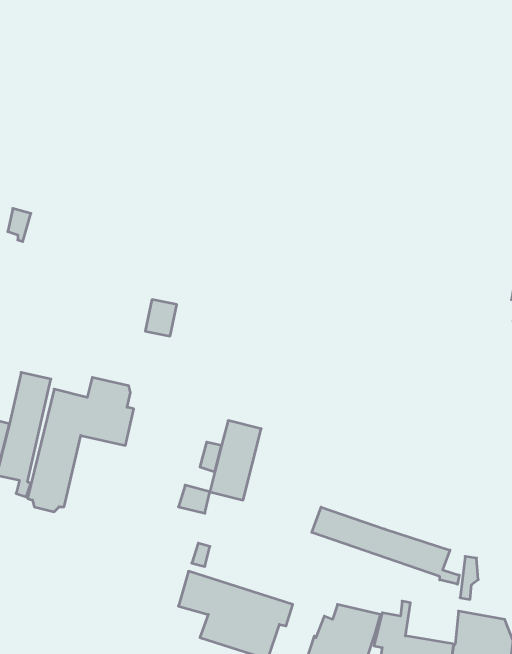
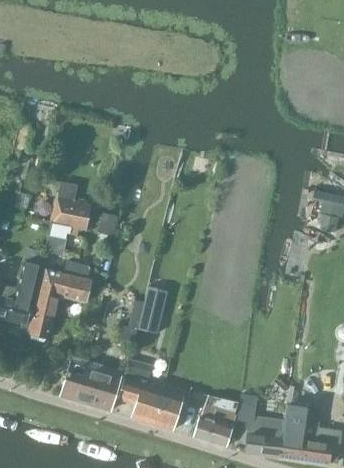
building: none -> [44,183,90,256]
building: [312,507,459,584] -> none
building: none -> [60,357,122,411]

